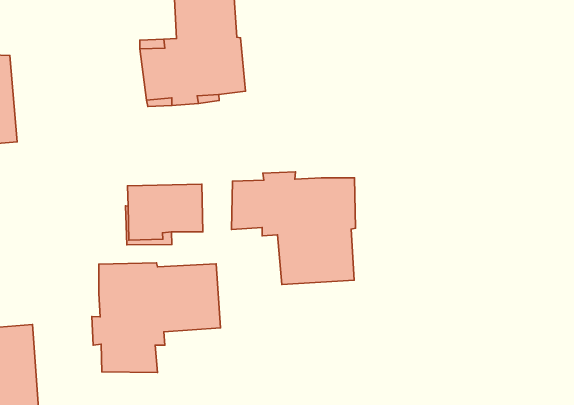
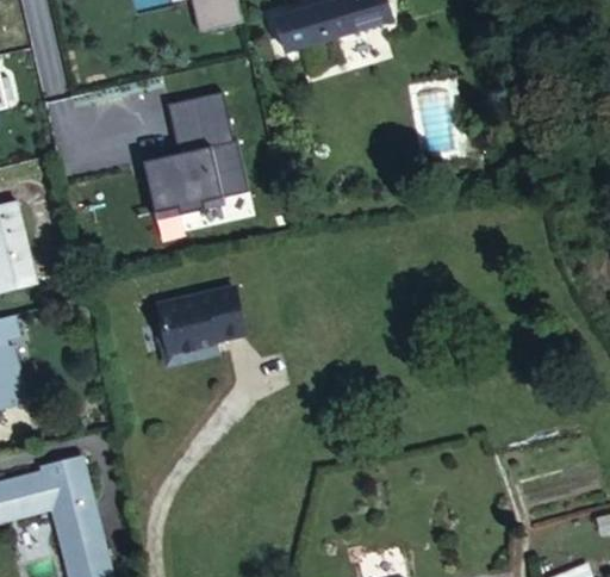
building: [232,172,356,284] -> none
building: [92,263,220,372] -> none

